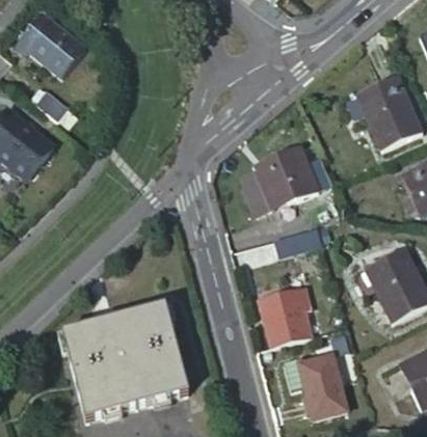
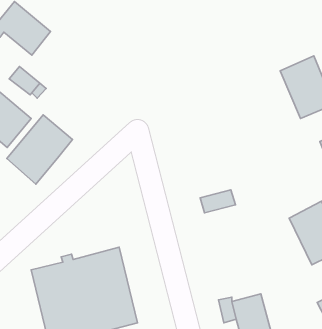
building: none -> [7,115,73,184]
building: [241,146,329,218] -> none
building: [261,290,311,348] -> none

